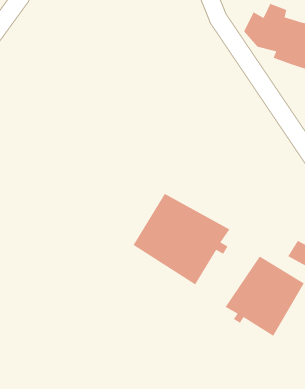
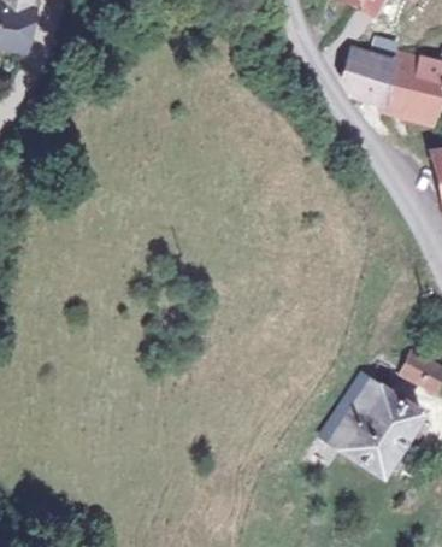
building: [132,193,231,286] -> none

